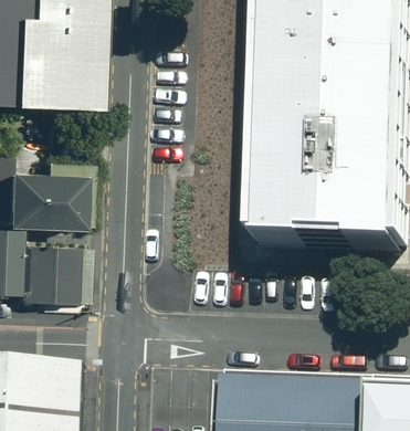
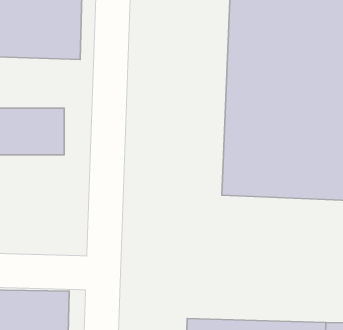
building: [14,228,80,298] -> none

